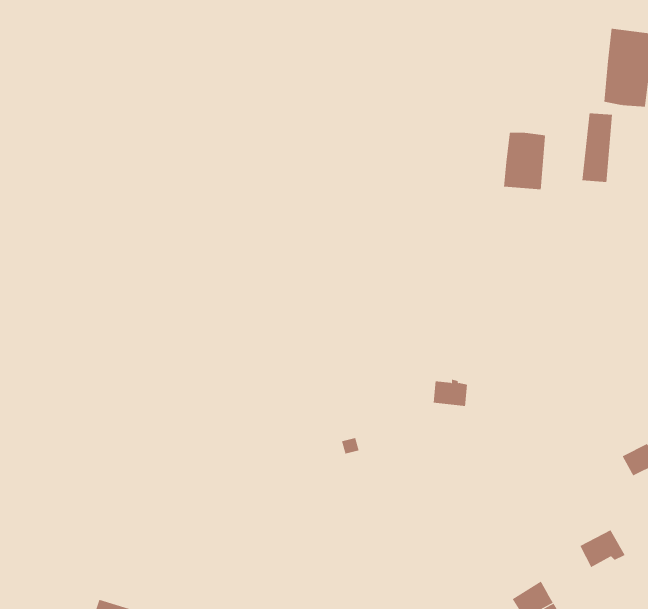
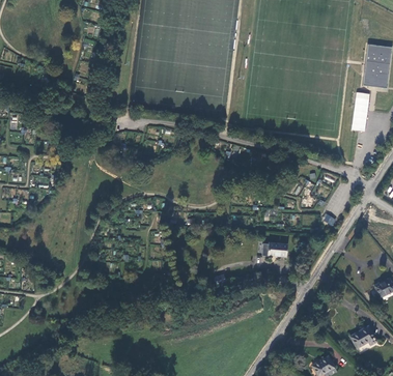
building: [503,132,546,190] -> none

